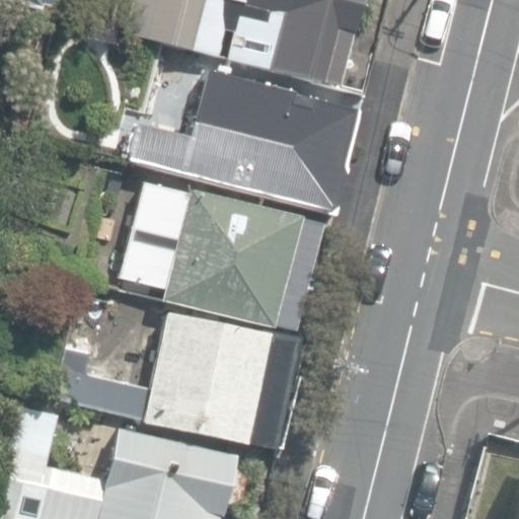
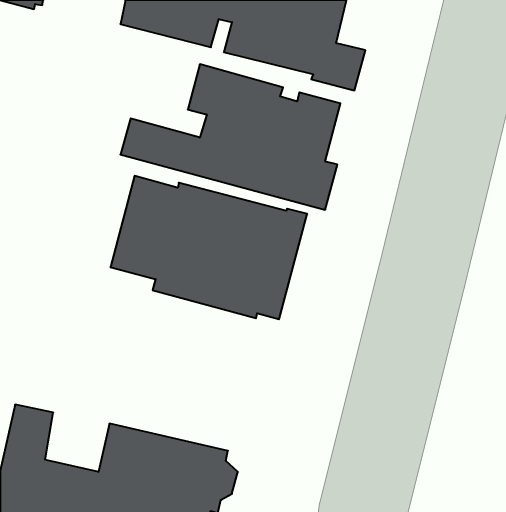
building: [60,313,299,450] -> none

